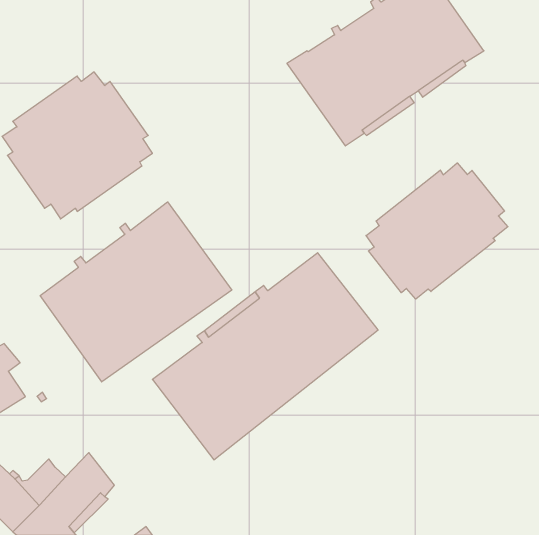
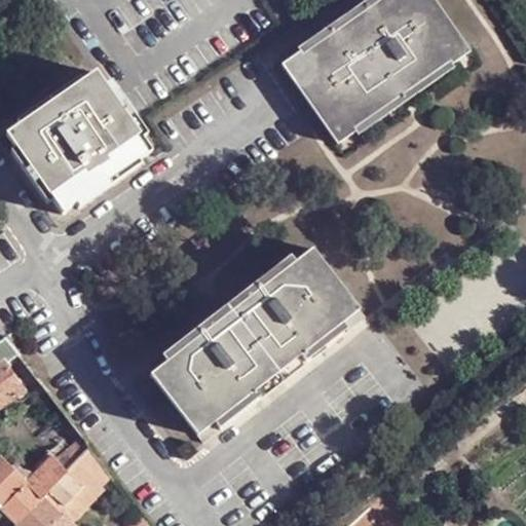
building: [366,163,508,299] -> none
building: [40,202,232,382] -> none

